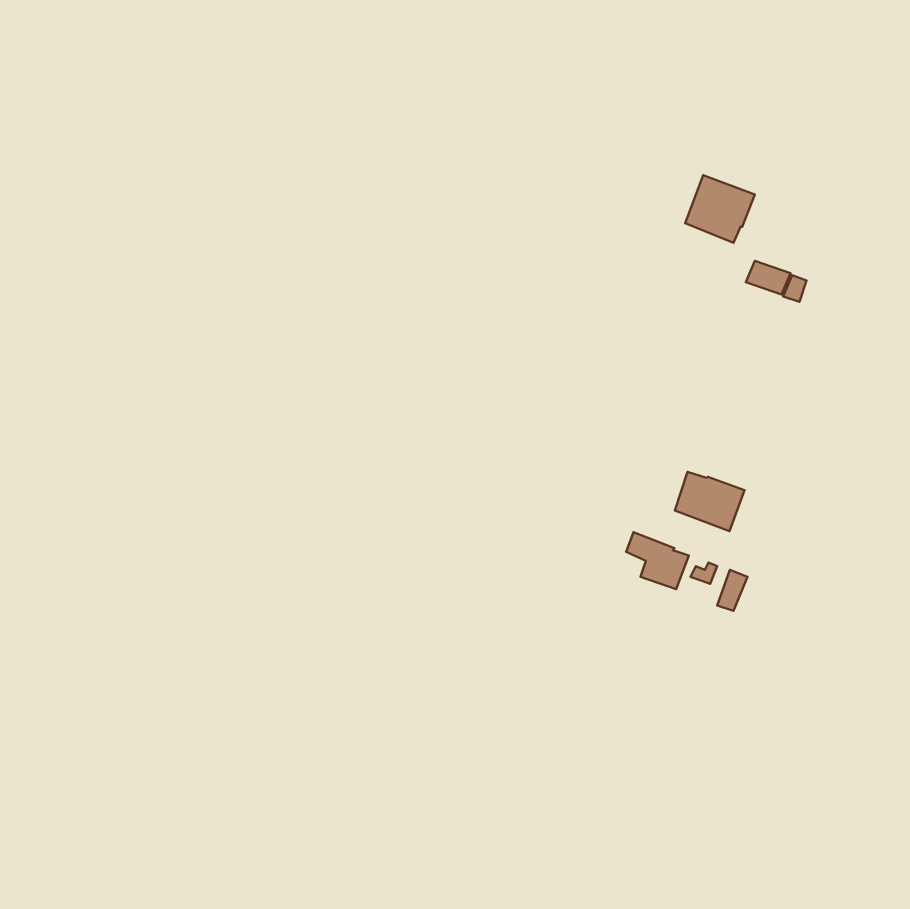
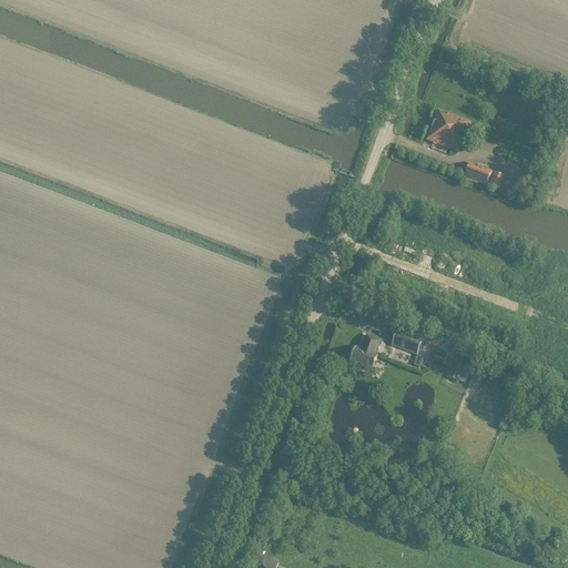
building: [675,472,745,531] -> none
building: none -> [347,334,379,368]

